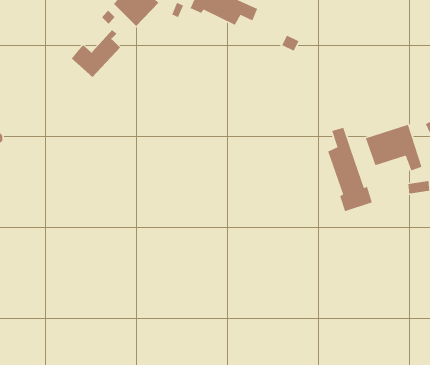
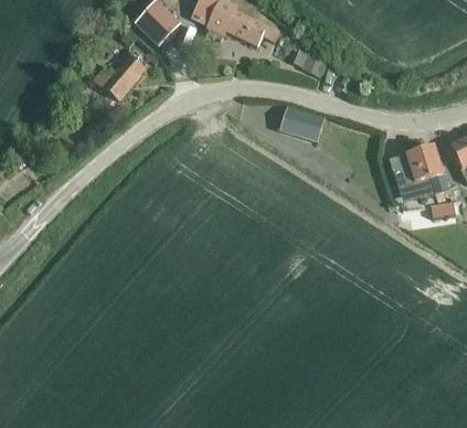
building: none -> [279,106,326,141]
building: [327,127,373,212] -> none

